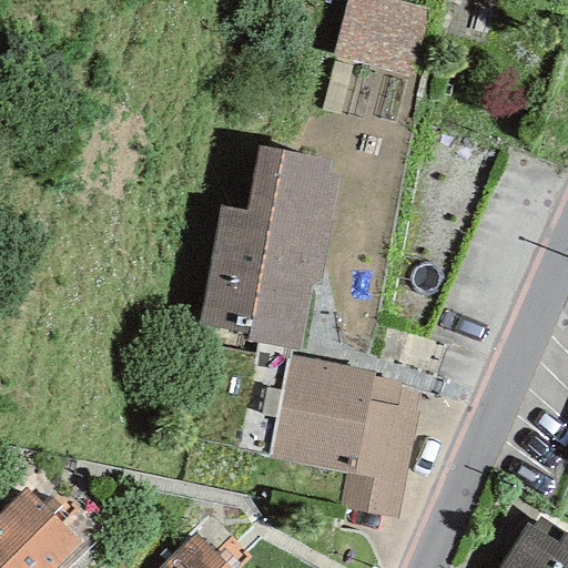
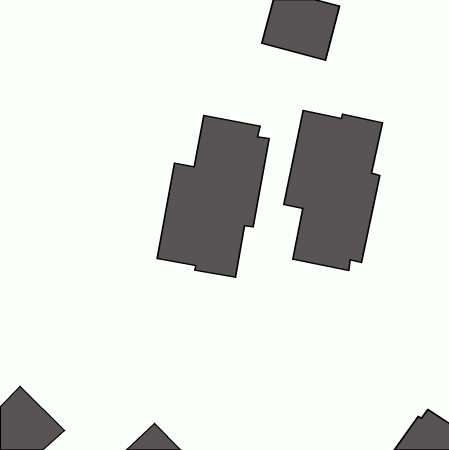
building: none -> [284,110,382,271]
building: [268,355,420,518] -> none

